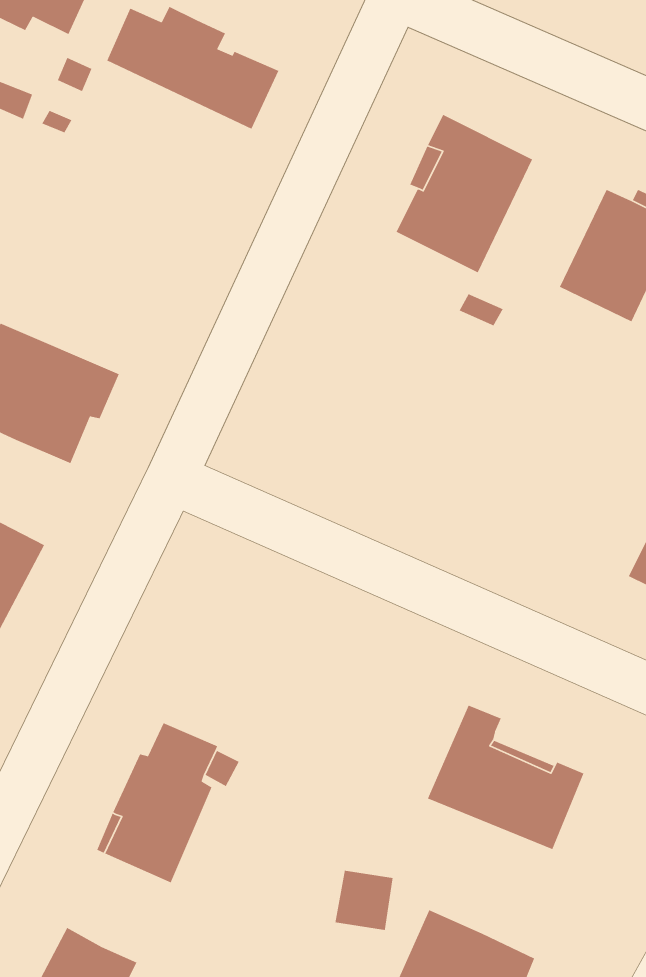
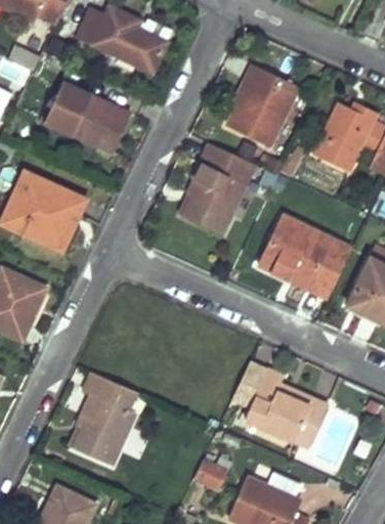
building: none -> [44,82,130,152]
building: none -> [182,142,256,233]
building: none -> [259,215,352,298]

